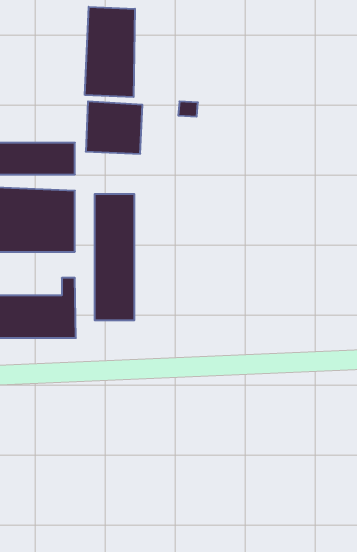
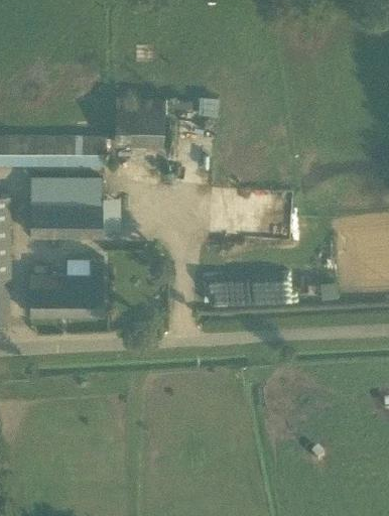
building: [85,7,135,97] -> none
building: [95,194,134,320] -> none

